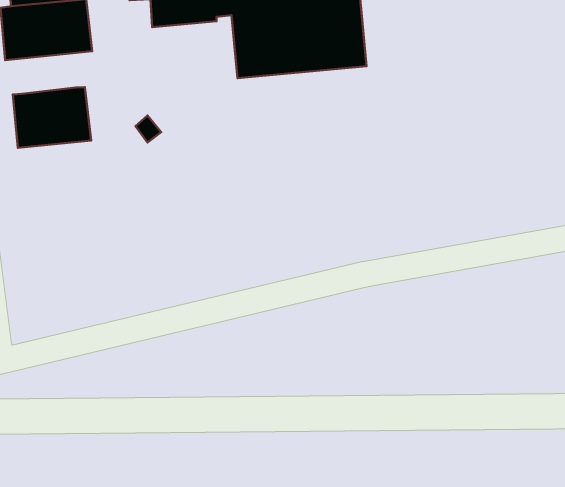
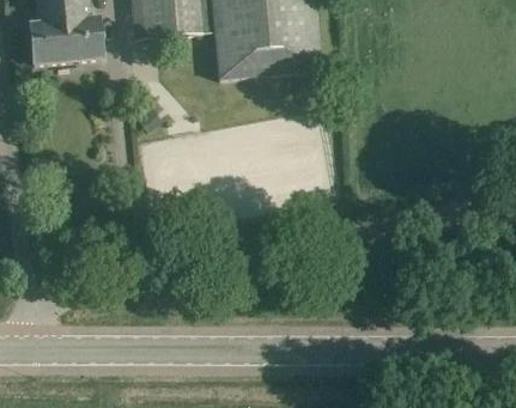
building: [13,87,91,148] -> none

